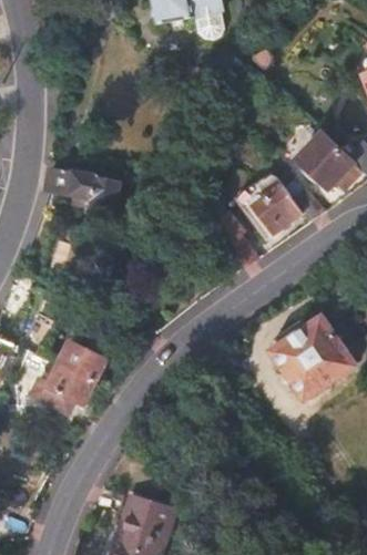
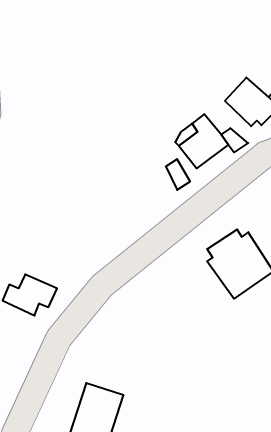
building: [44,166,121,213] -> none
building: [59,343,106,383] -> none

